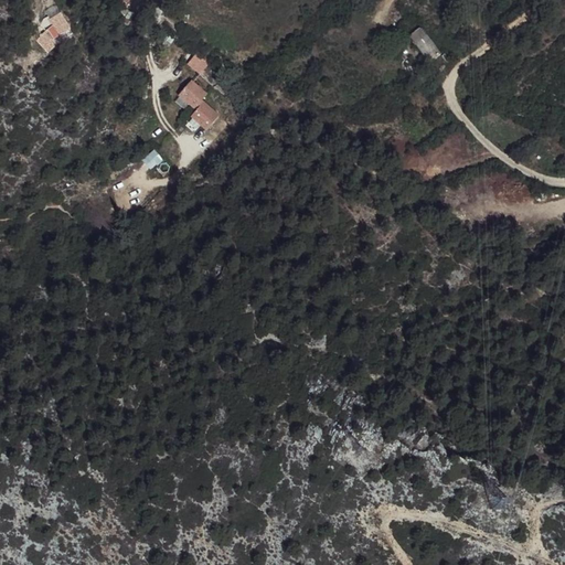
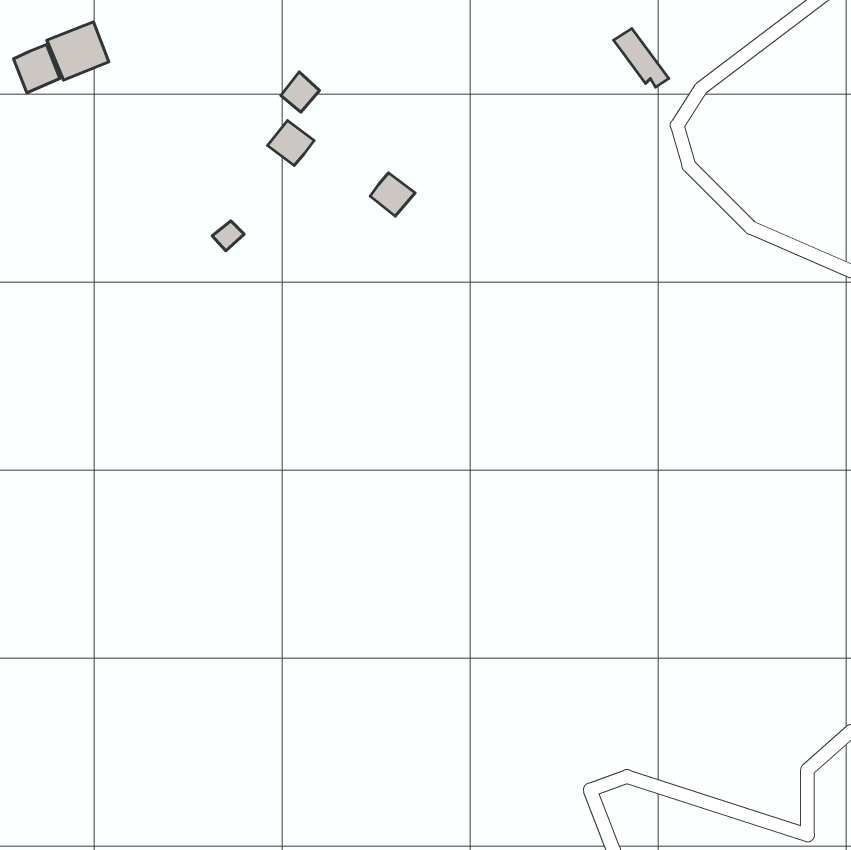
building: none -> [13,45,60,93]
building: [189,102,218,130] -> [370,173,415,216]

